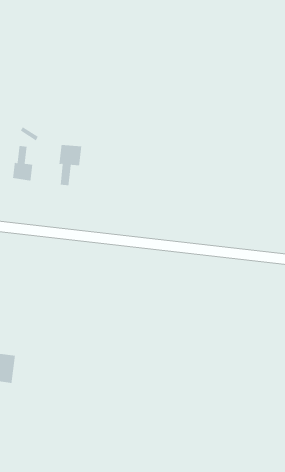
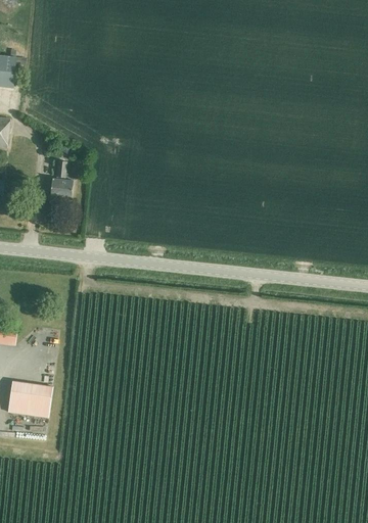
building: [59,144,82,186] -> none

